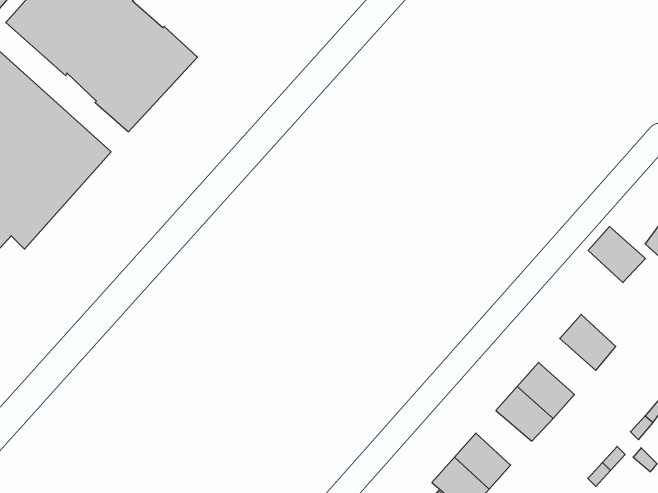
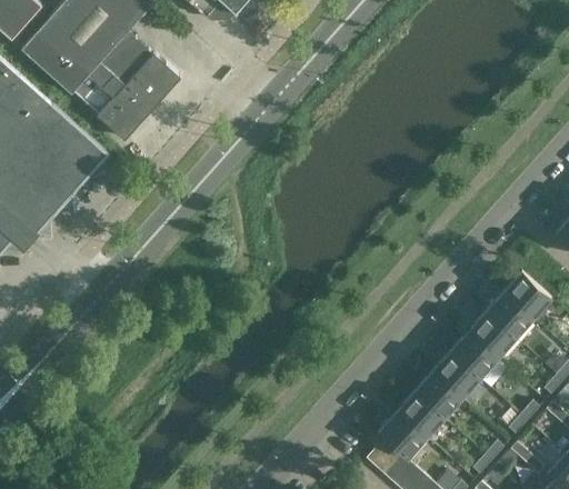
building: [588,227,645,283] -> [502,271,550,318]
building: none -> [467,311,515,358]
building: none -> [415,371,461,417]

